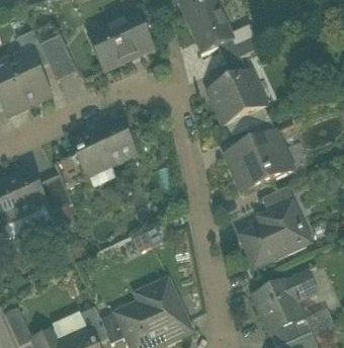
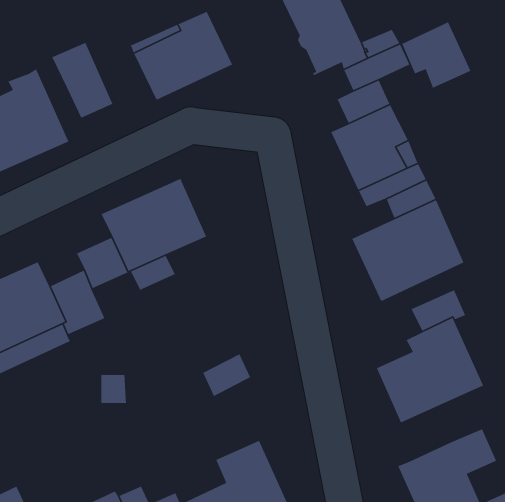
building: none -> [401,21,471,89]
building: [18,28,49,65] -> none

